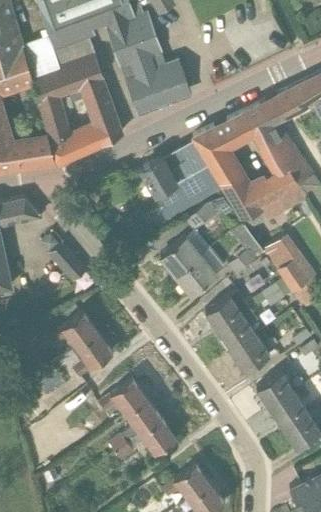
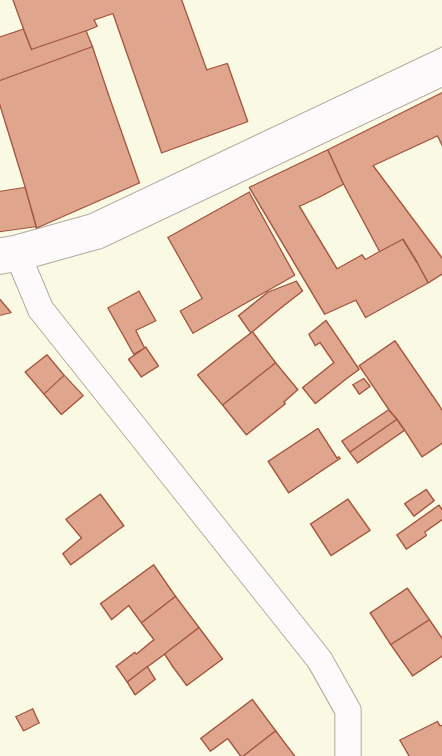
building: none -> [108,291,156,354]
building: [218,310,257,352] -> none
building: [50,312,98,349] -> none
building: [256,372,294,409] -> none

